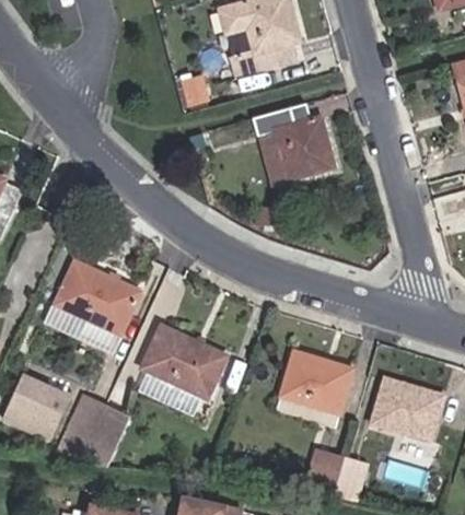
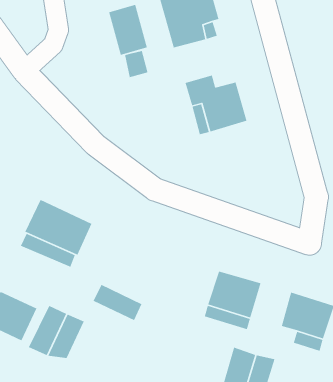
building: none -> [108,4,148,56]
building: [144,325,224,395] -> none

